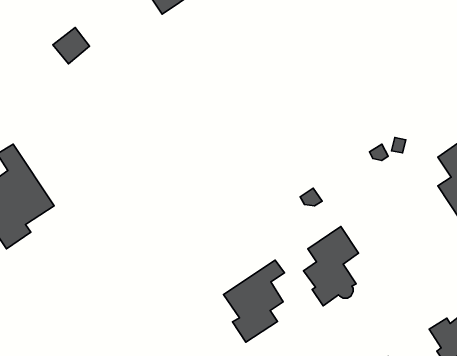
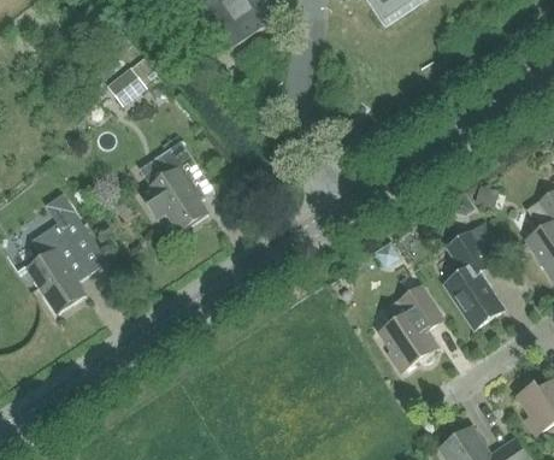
building: none -> [141,140,214,226]
building: none -> [444,231,502,328]
building: [224,260,285,342] -> none

